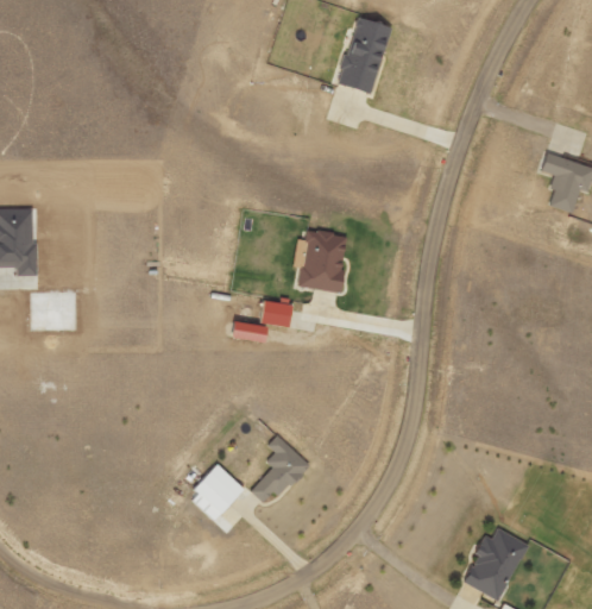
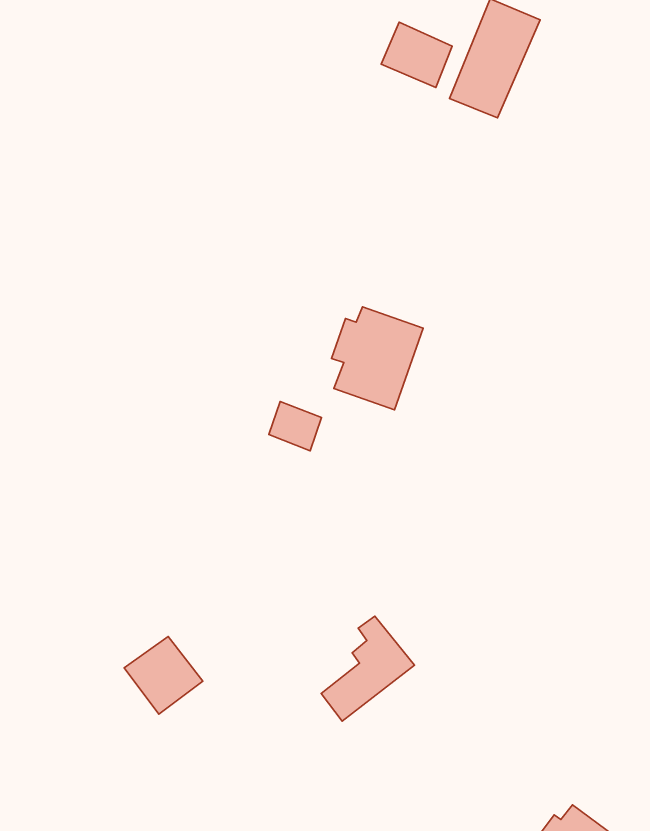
building: none -> [381,22,452,87]
building: [251,435,308,507] -> [321,616,414,721]

